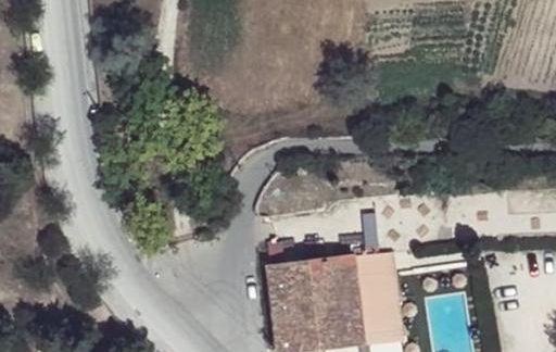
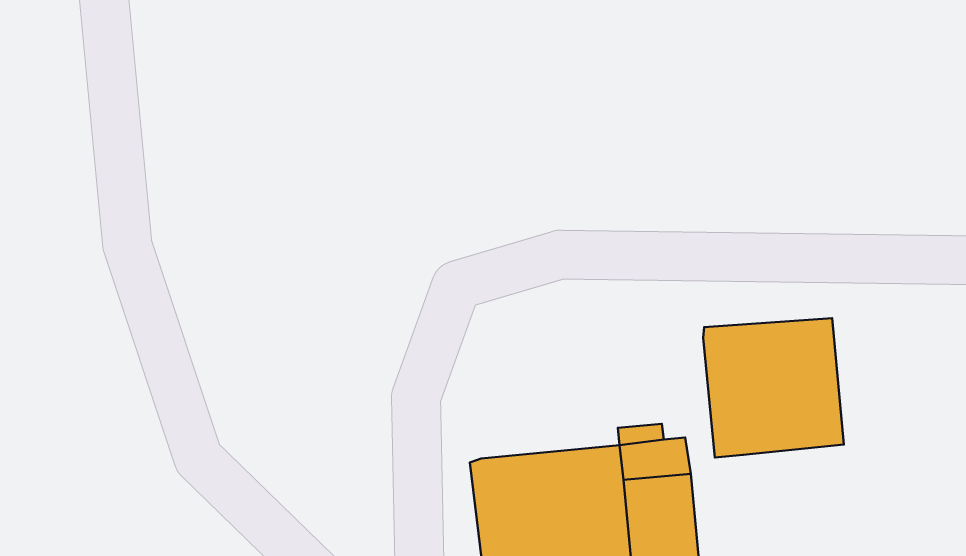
building: none -> [703,318,844,457]

